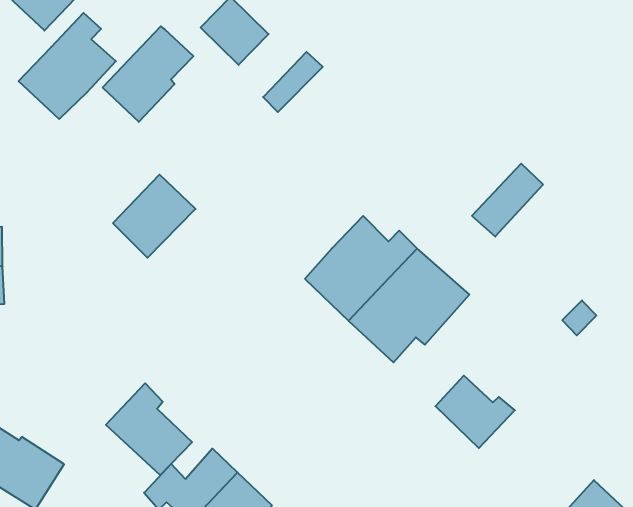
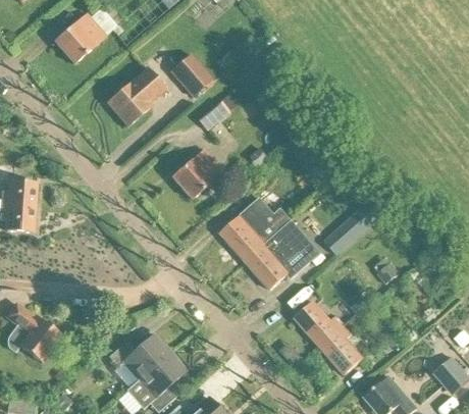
building: [19,13,116,119] -> none
building: [472,164,543,237] -> [323,213,369,257]
building: [113,175,196,258] -> [171,148,223,199]
building: [106,383,192,475] -> none
building: none -> [318,326,363,376]

